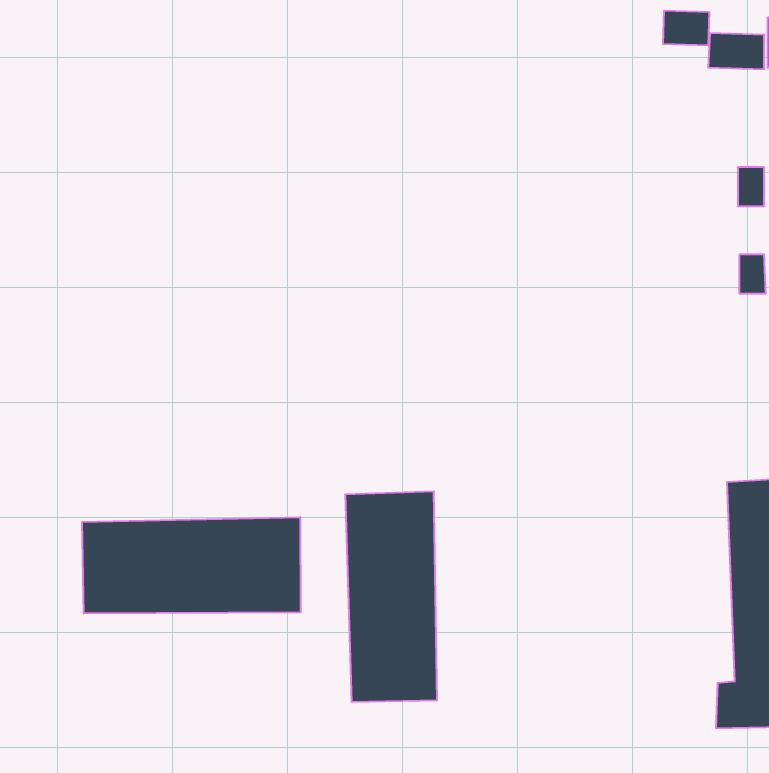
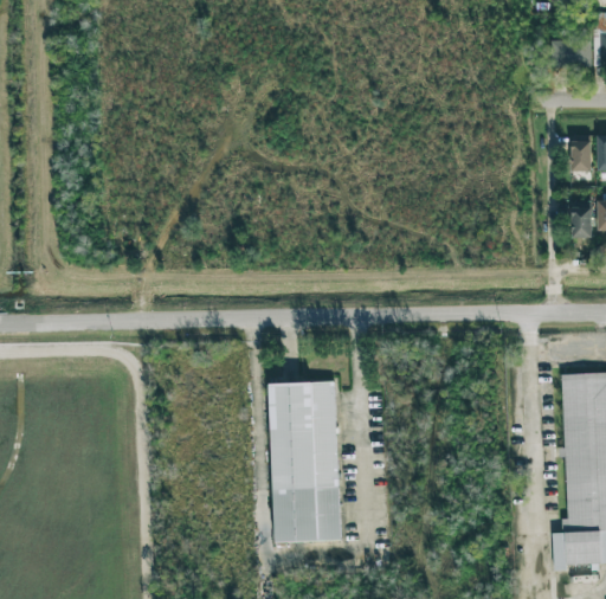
building: [663,11,709,45] -> none
building: [82,517,300,614] -> none

